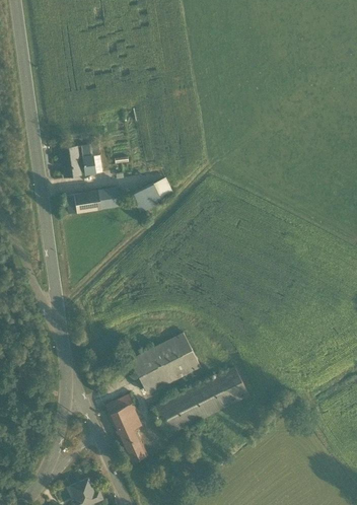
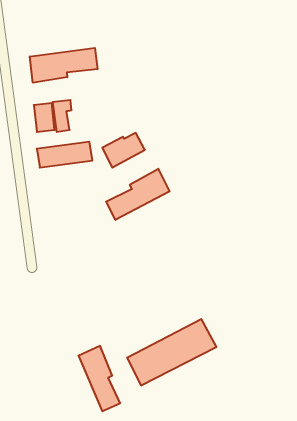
building: none -> [30,48,97,83]
building: none -> [106,169,170,220]
building: [130,331,202,394] -> none

